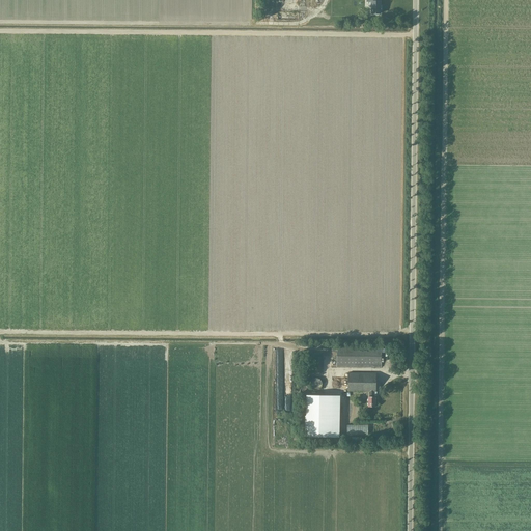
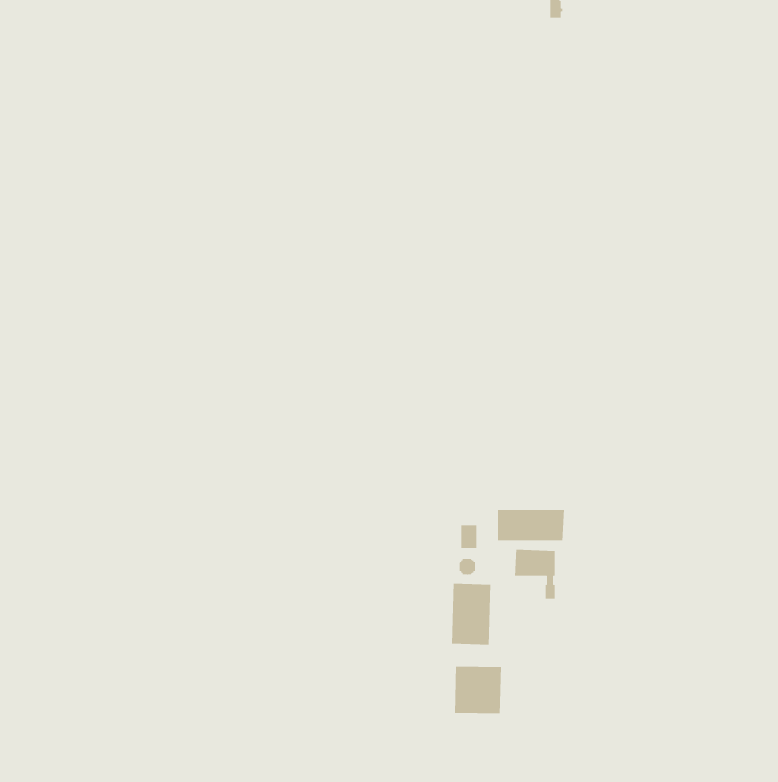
building: none -> [454,666,502,714]

